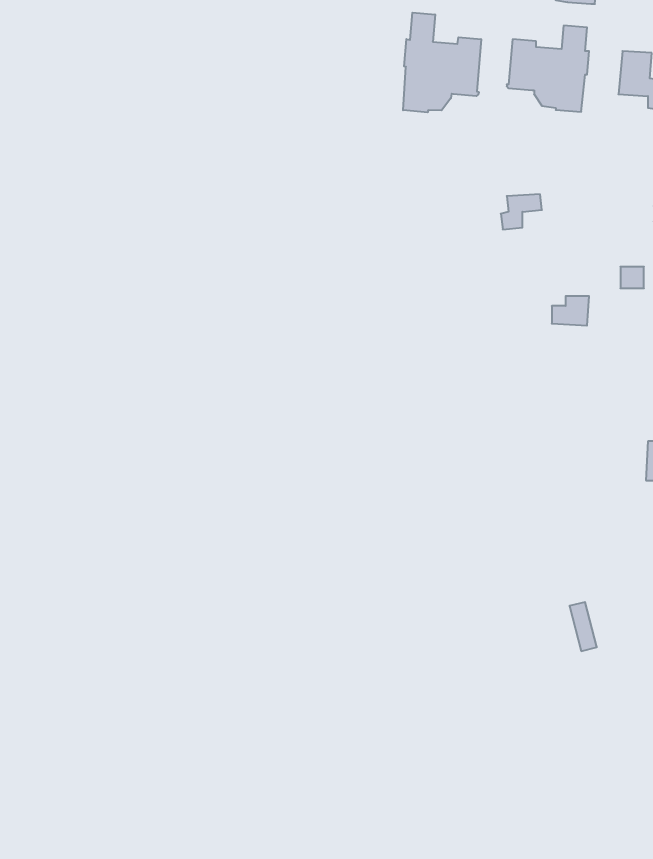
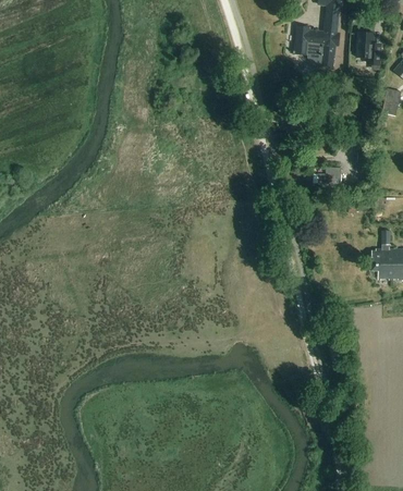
building: [403,13,481,112] -> none

